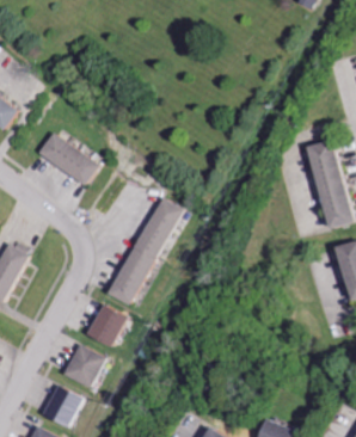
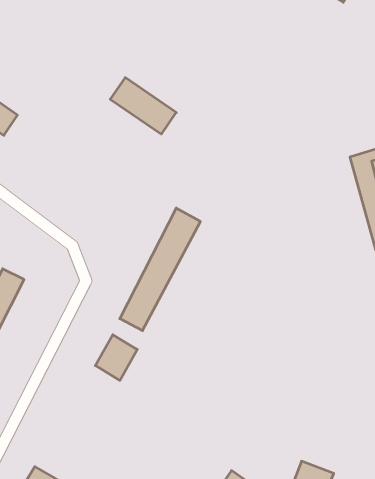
building: [37,134,96,184] -> [110,78,176,134]
building: [61,345,100,387] -> none
building: [38,383,78,425] -> none

